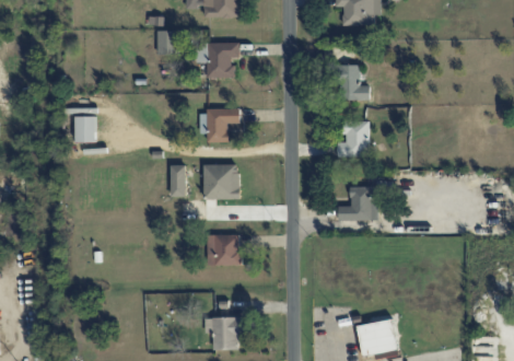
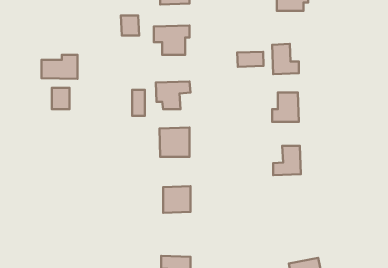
building: none -> [237,52,264,67]
building: none -> [42,55,78,79]
building: [170,164,185,195] -> [132,90,145,116]

